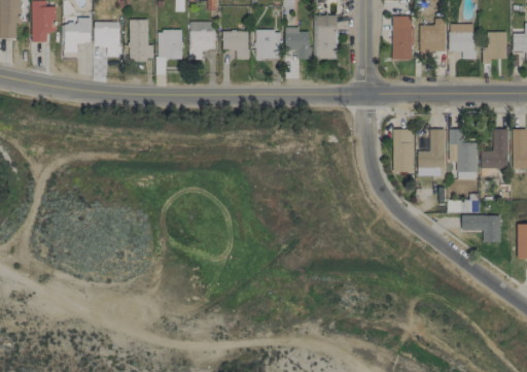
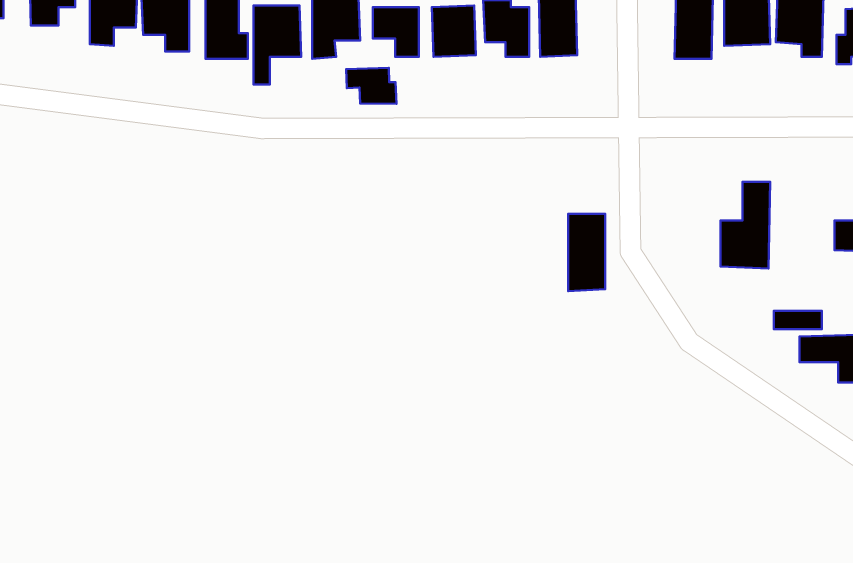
building: none -> [346,68,396,104]
building: [393,129,414,172] -> [568,214,605,291]
building: [450,129,477,178] -> none

